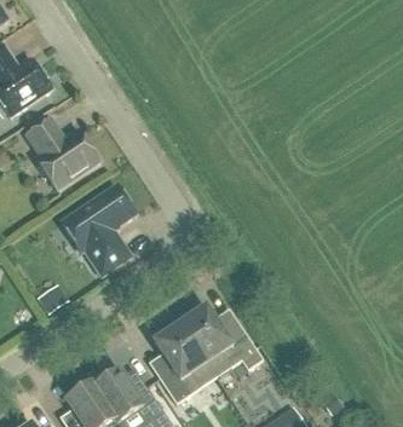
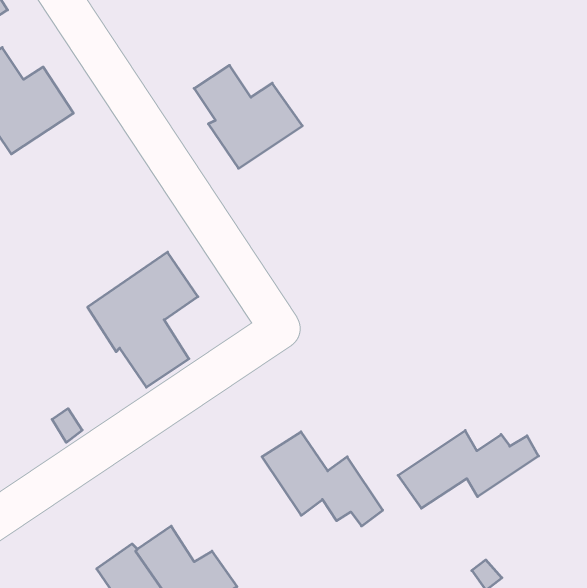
building: [25,117,99,187] -> [194,65,302,168]
building: none -> [398,430,539,508]
building: [154,322,206,403] -> none

